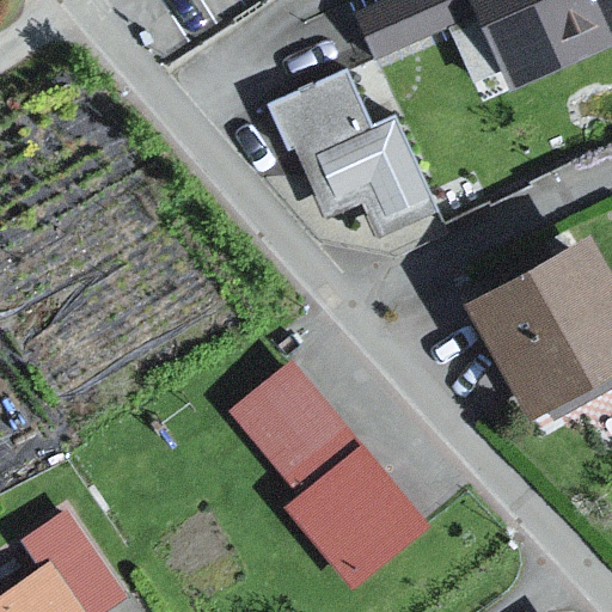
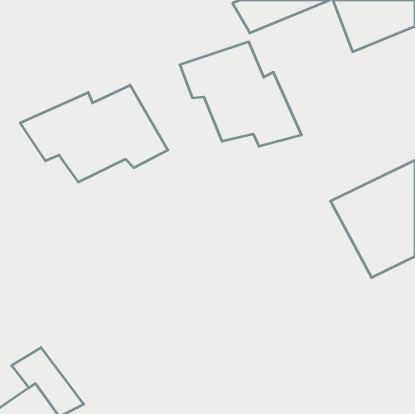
building: none -> [20,85,168,182]
building: [214,351,432,581] -> none

